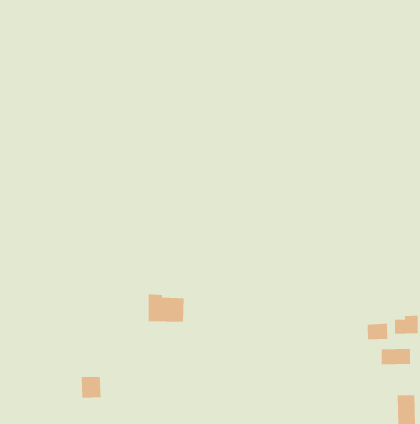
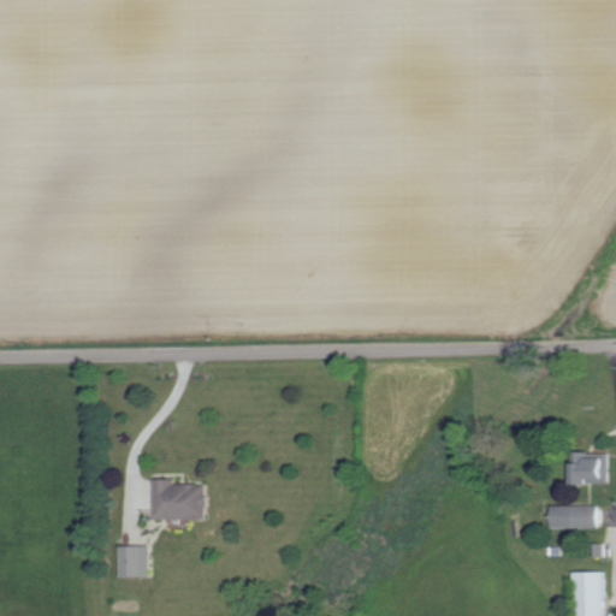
building: [148,294,185,322] -> [152,479,205,520]
building: [367,323,388,340] -> none

